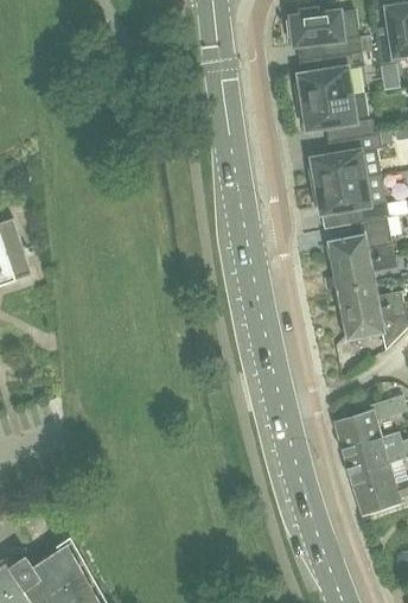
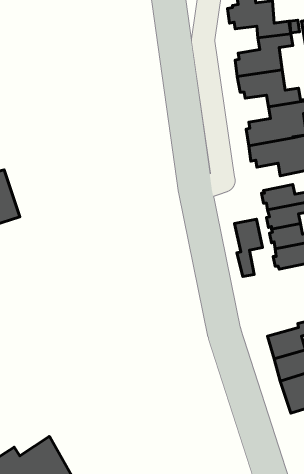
building: none -> [234,219,263,276]

